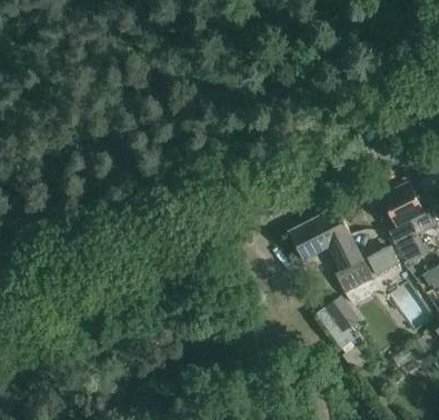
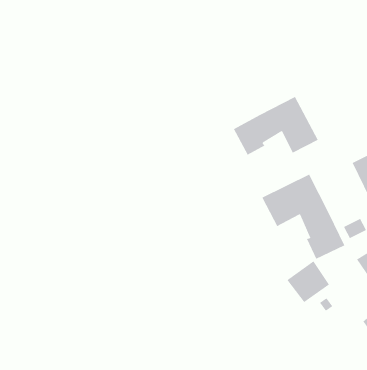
building: none -> [233,96,318,156]

